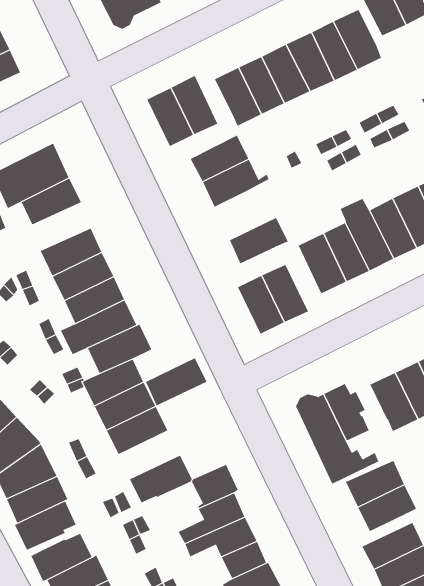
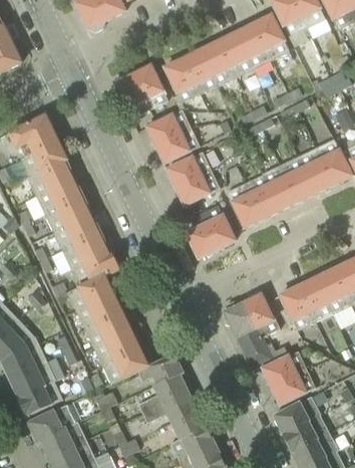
building: none -> [166,148,211,187]
building: none -> [27,160,73,195]
building: [145,358,207,406] -> [93,328,139,365]

